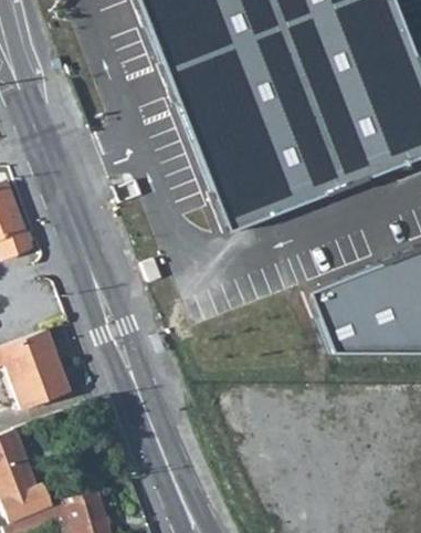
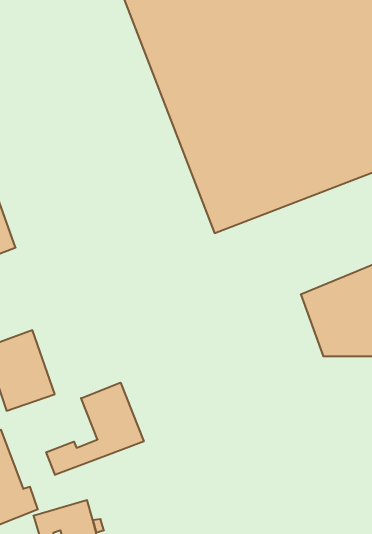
building: none -> [46,383,144,475]

